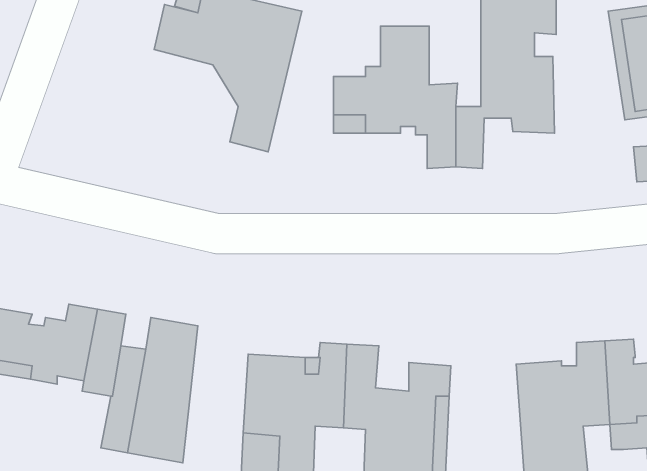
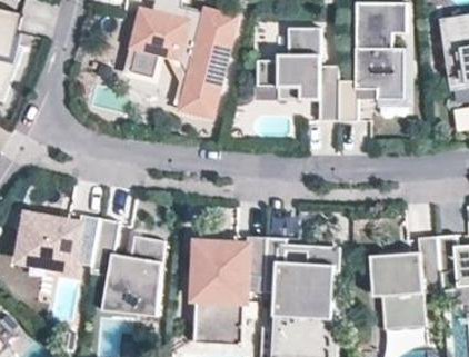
building: none -> [128,42,192,103]

